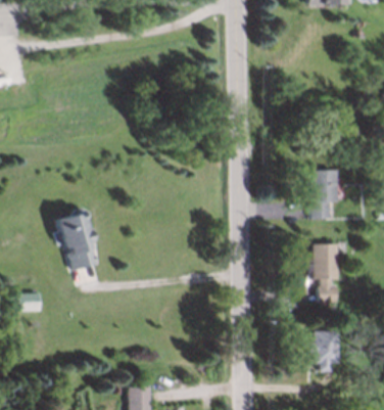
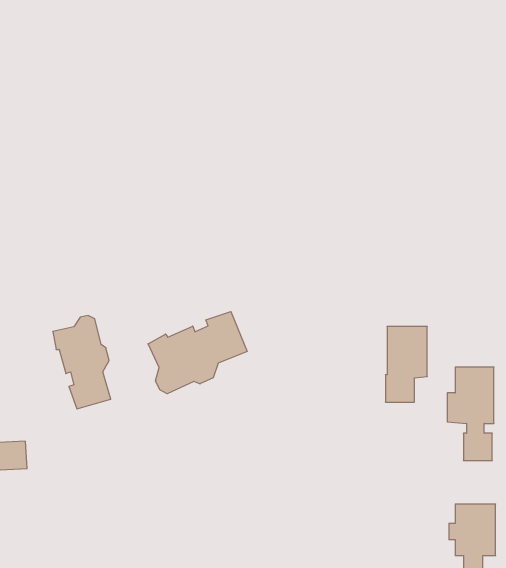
building: [311,171,338,219] -> [385,326,427,402]
building: none -> [148,312,247,394]

